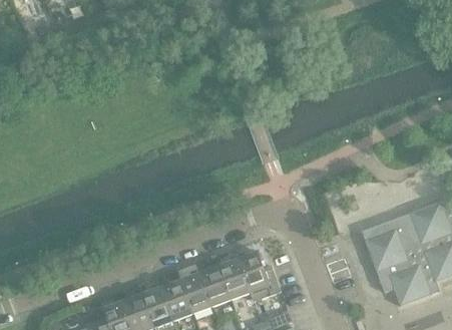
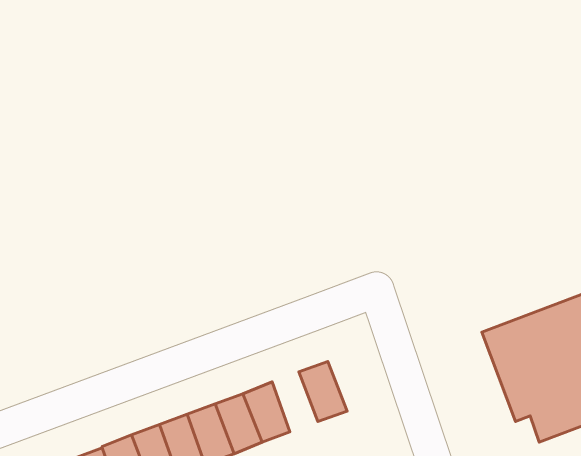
building: [216,258,248,299] -> none

